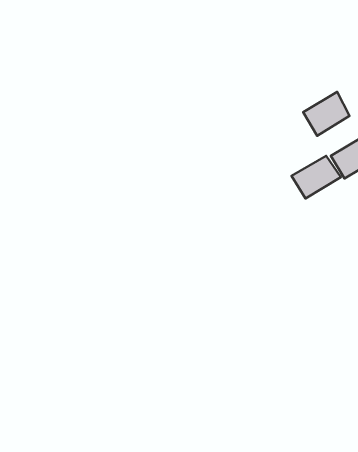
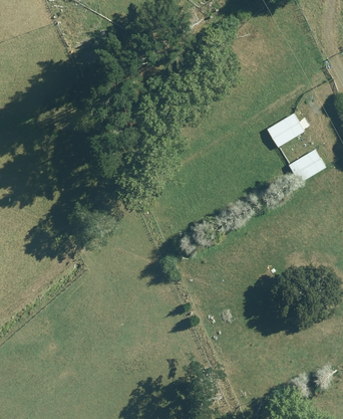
building: [292,156,341,199] -> none

